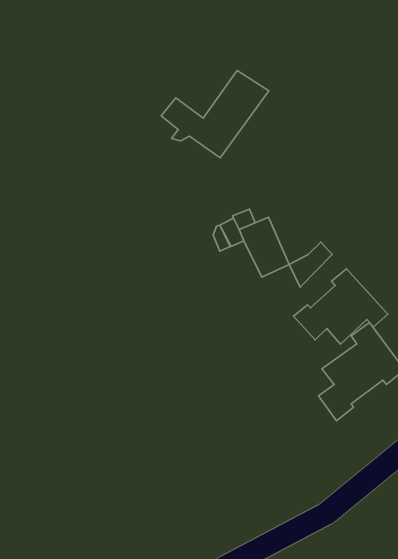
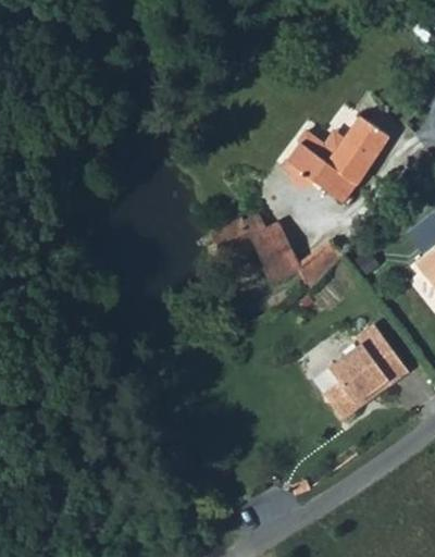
building: [161,71,269,158] -> [287,116,390,200]
building: [293,269,388,344] -> none

